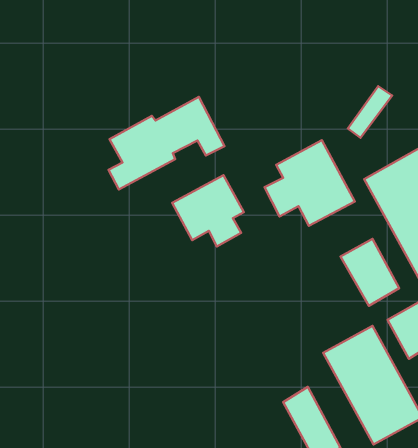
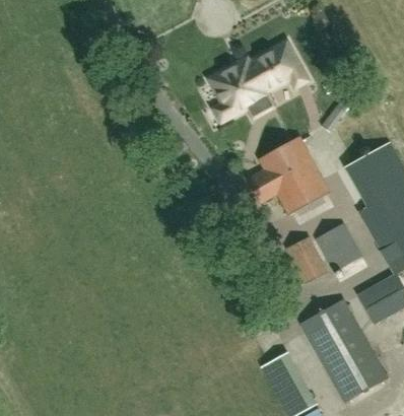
building: [108,97,225,190] -> [210,41,311,121]
building: [172,175,244,246] -> none
building: none -> [287,235,327,282]

